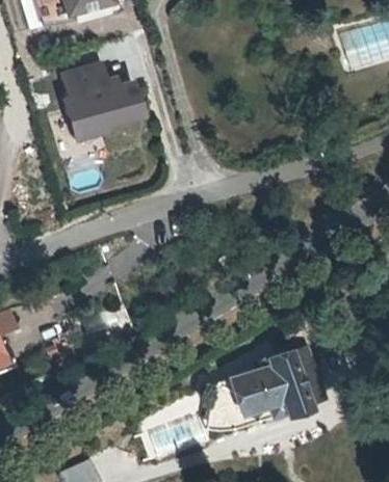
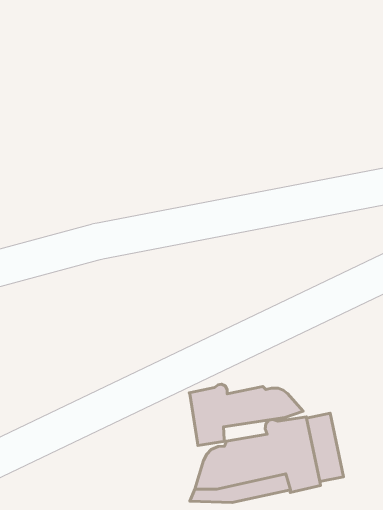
building: [66,66,140,139] -> none
building: none -> [189,384,303,445]

